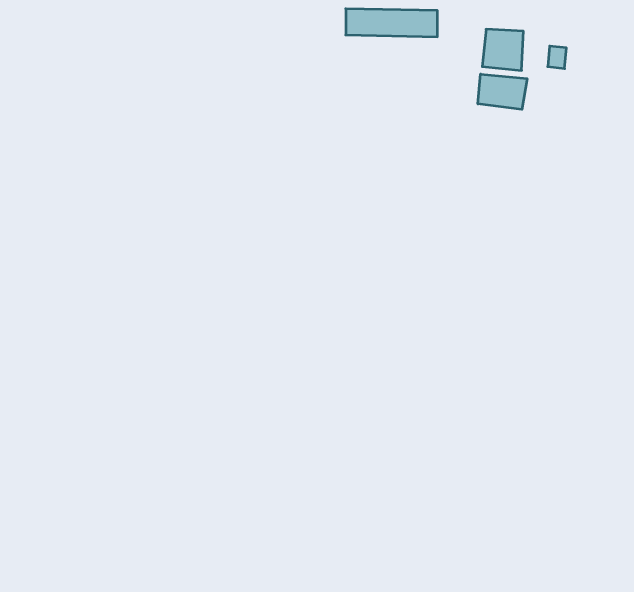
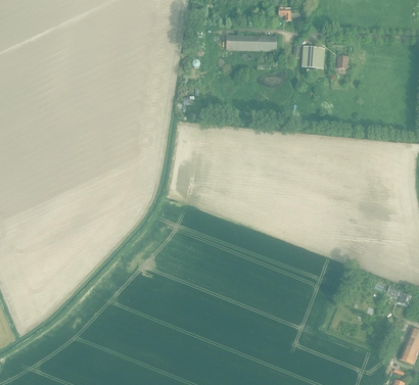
building: [478,74,527,109] -> none

